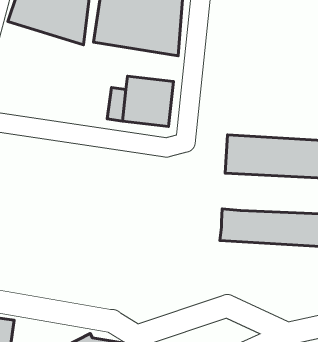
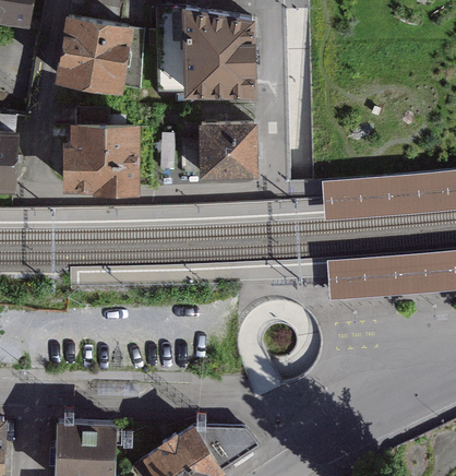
building: none -> [69,112,135,183]

